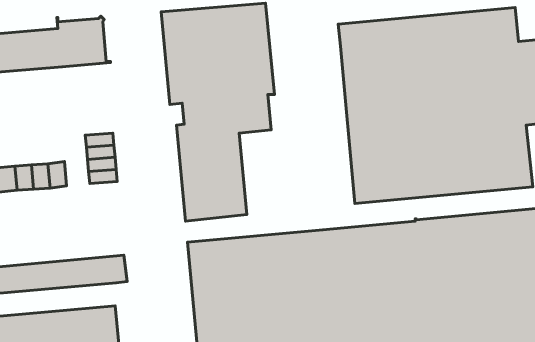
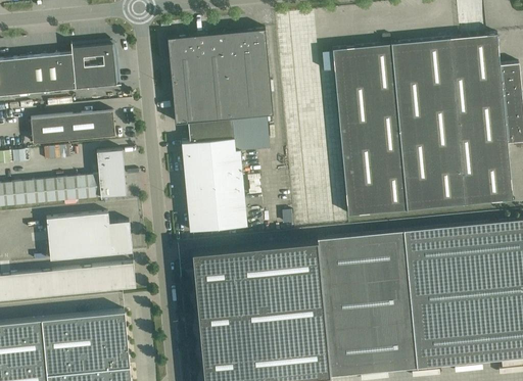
building: none -> [31,112,115,145]
building: none -> [78,176,101,200]
building: none -> [46,213,132,261]

